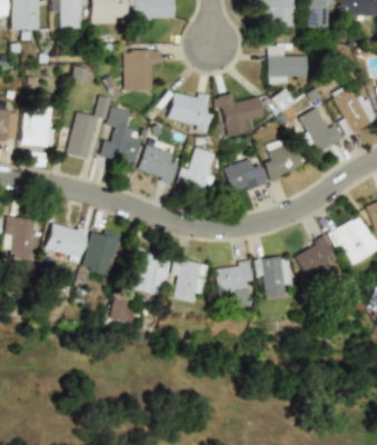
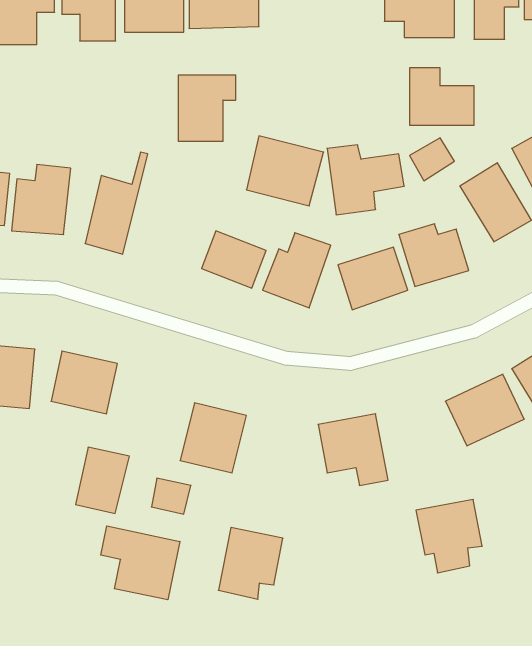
building: [100,106,139,166] -> none
building: [85,230,118,271] -> [76,447,129,513]
building: [252,253,294,298] -> [416,499,482,573]
building: [167,257,207,301] -> [218,527,283,599]
building: none -> [101,526,180,600]

